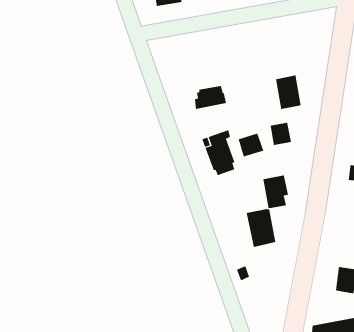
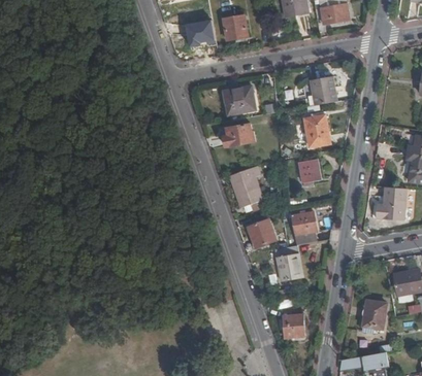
building: none -> [310,75,334,105]
building: none -> [222,86,257,114]
building: [238,133,264,157] -> [250,223,275,246]
building: none -> [283,311,305,336]

